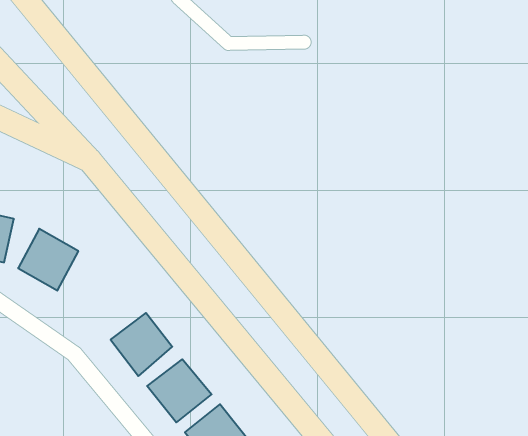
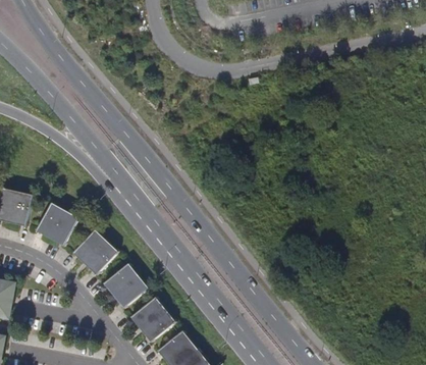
building: none -> [72,228,118,275]

